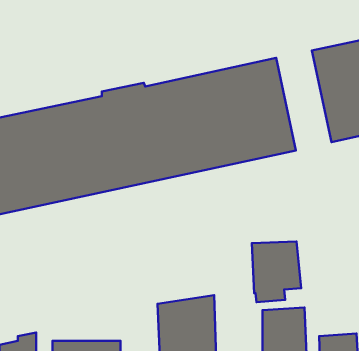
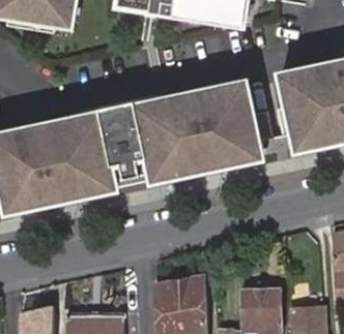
building: [252,242,301,302] -> none

